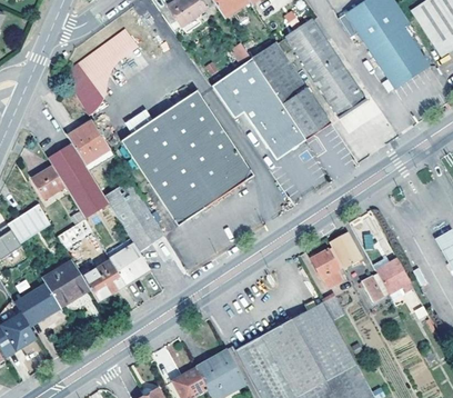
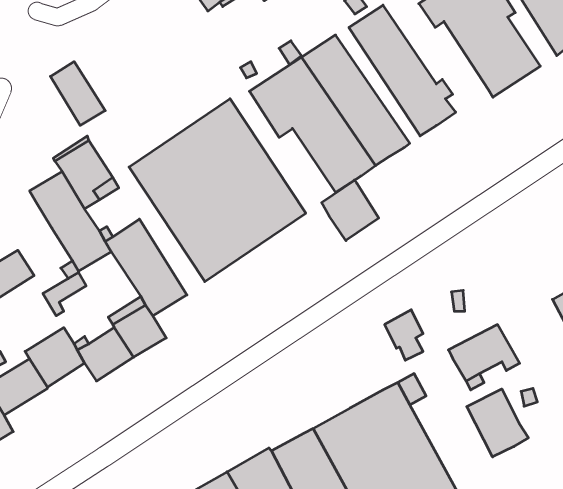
building: [80,31,140,78] -> none
building: none -> [322,180,379,241]
building: [31,167,63,199] -> none
building: [329,233,361,268] -> none
building: none -> [467,389,528,457]

